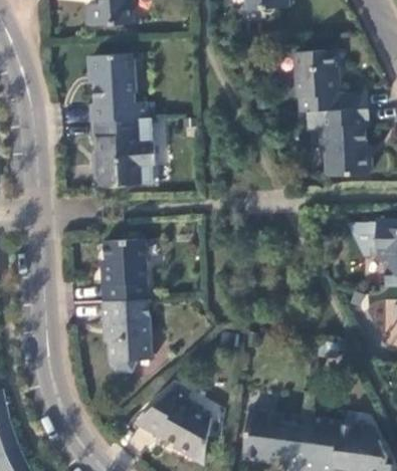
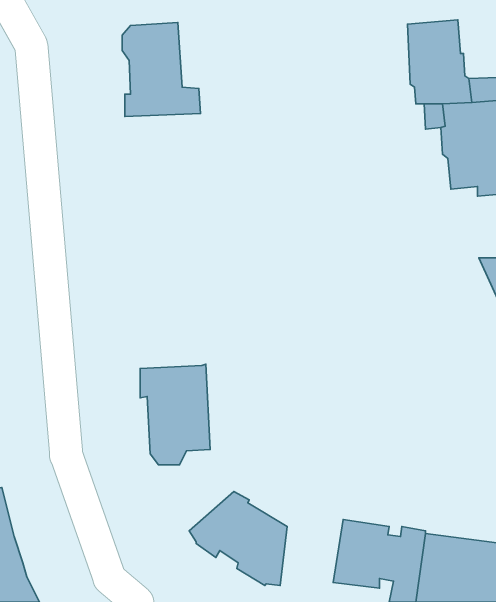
building: [91,119,153,187] -> none
building: [100,240,147,302] -> none

